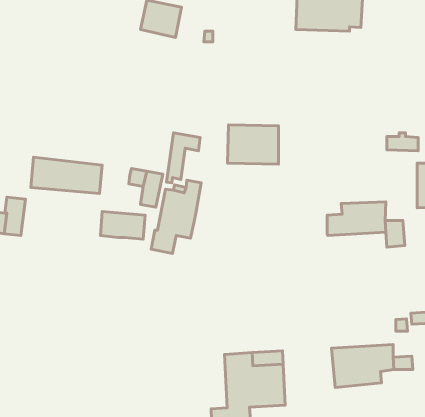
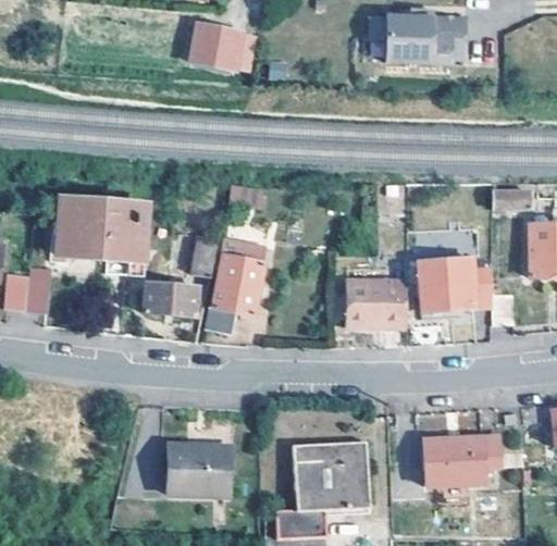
building: [228,125,278,164] -> [345,276,407,324]
building: none -> [61,195,147,224]
building: none -> [168,444,227,495]

